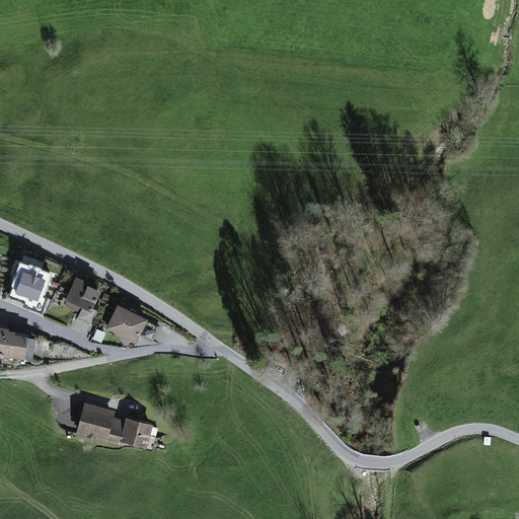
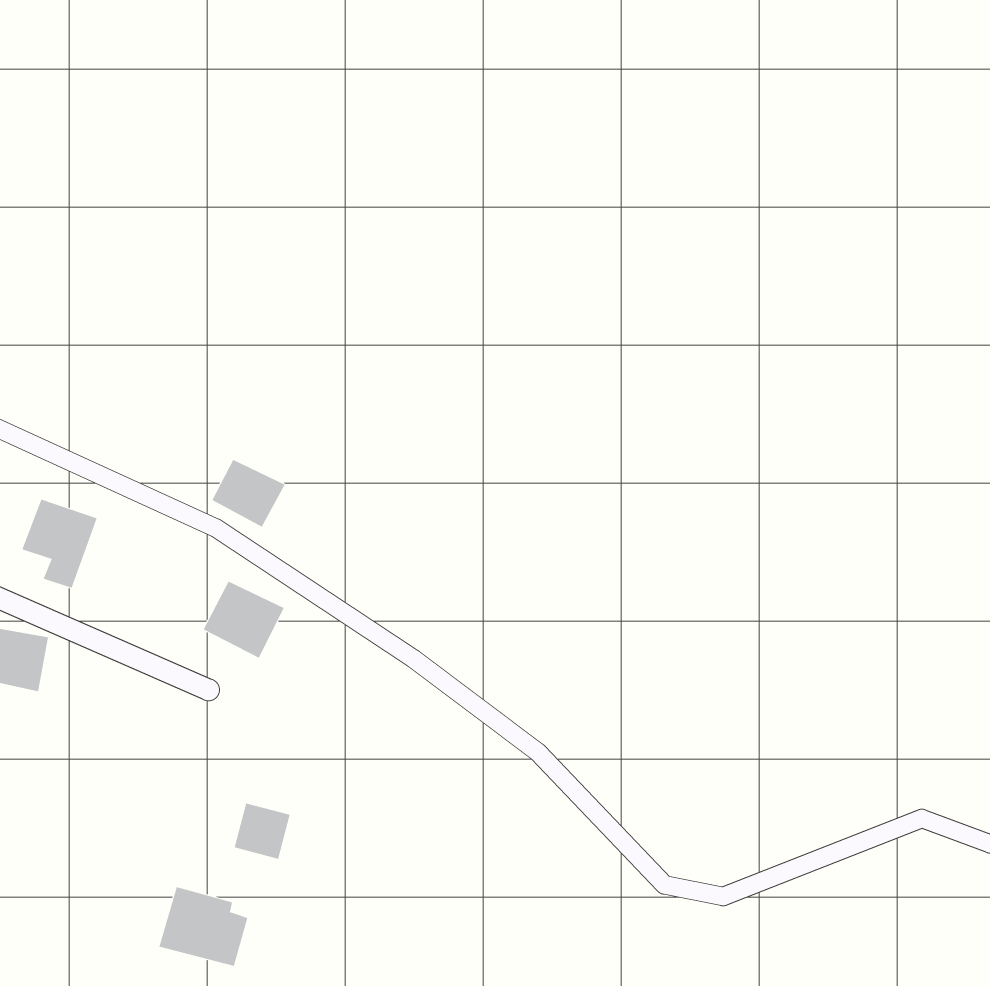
building: [63,277,101,312] -> [212,459,286,527]
building: [72,402,119,444] -> [159,887,248,966]

